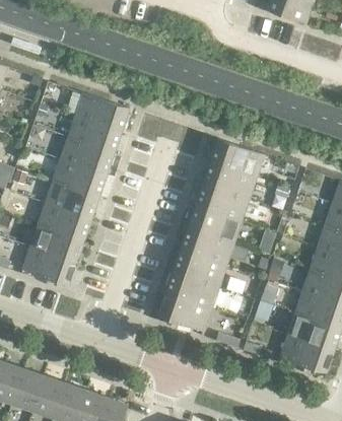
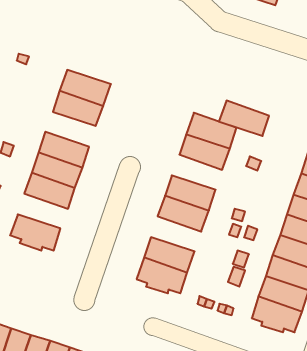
building: [59,137,113,174] -> none
building: [194,183,248,220] -> [219,101,269,136]
building: [29,224,83,262] -> none
building: [172,249,225,286] -> none

